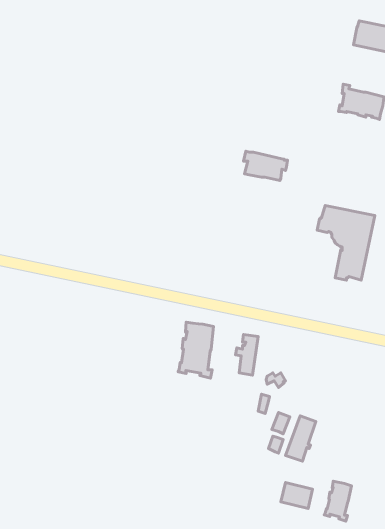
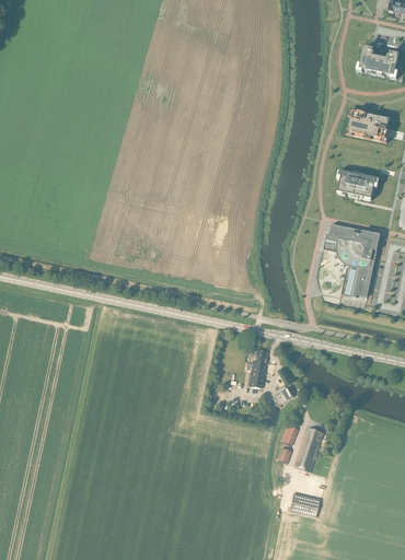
building: [243,151,288,181] -> [337,170,380,198]
building: [178,322,213,378] -> none
building: [324,481,351,521] -> none

